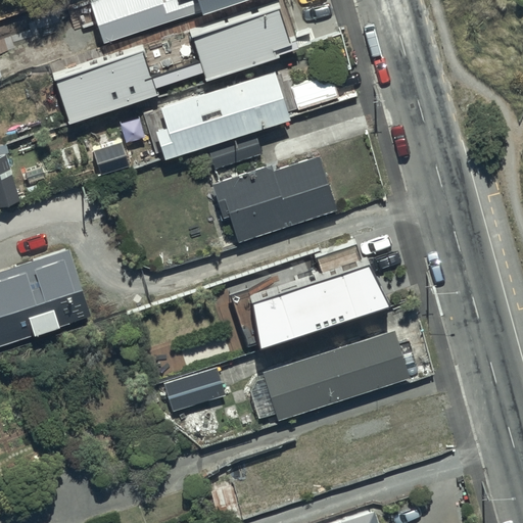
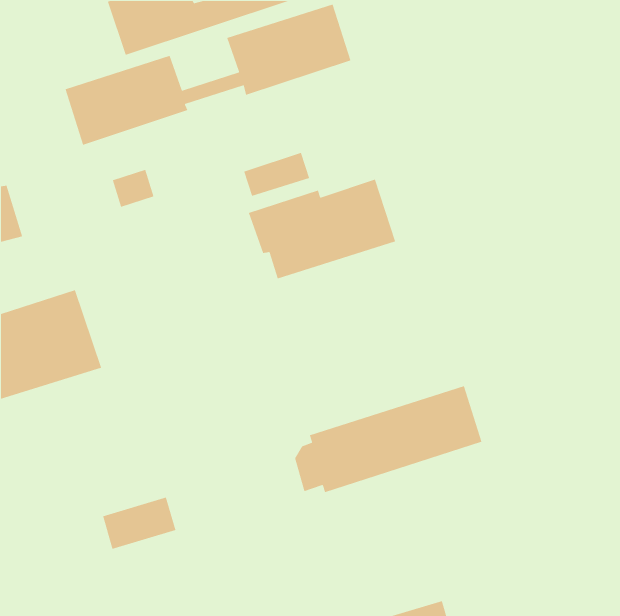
building: [149,70,339,156] -> none
building: [253,264,392,352] -> none
building: [161,366,224,411] -> [102,496,176,550]

